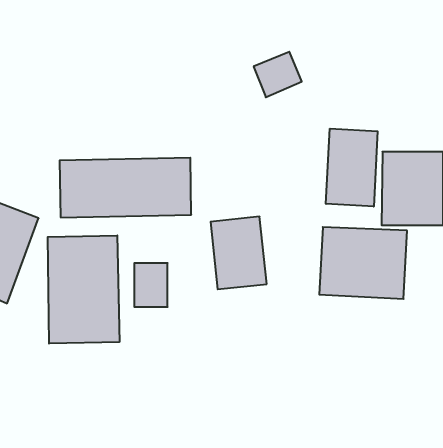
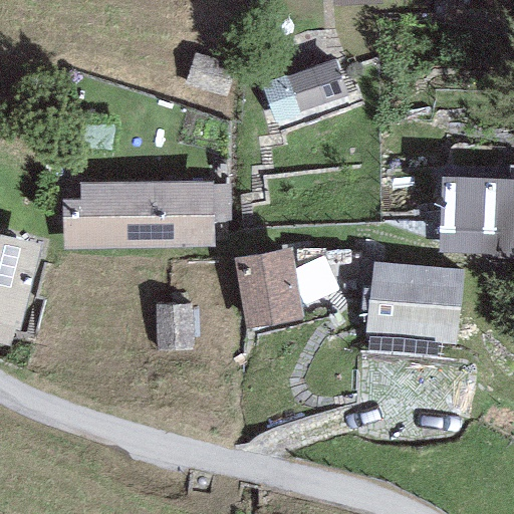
building: [326,129,378,207] -> none
building: [48,235,119,344] -> none

